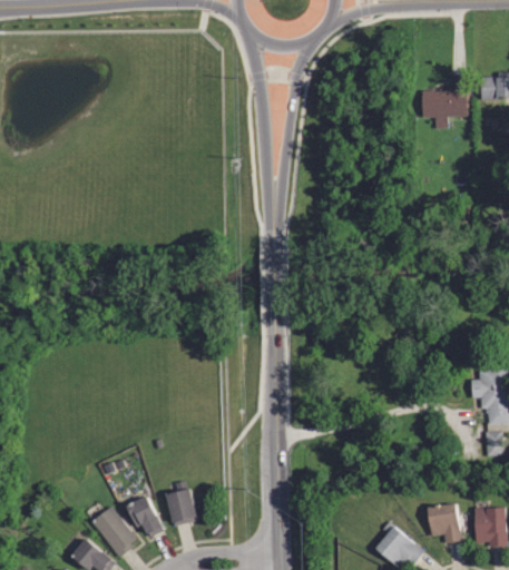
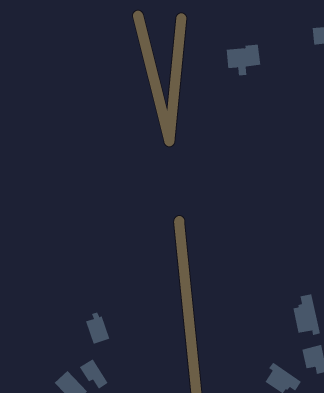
building: [421,89,467,129] -> [226,44,261,76]
building: none -> [293,293,320,336]
building: [168,482,199,525] -> [85,312,110,345]

